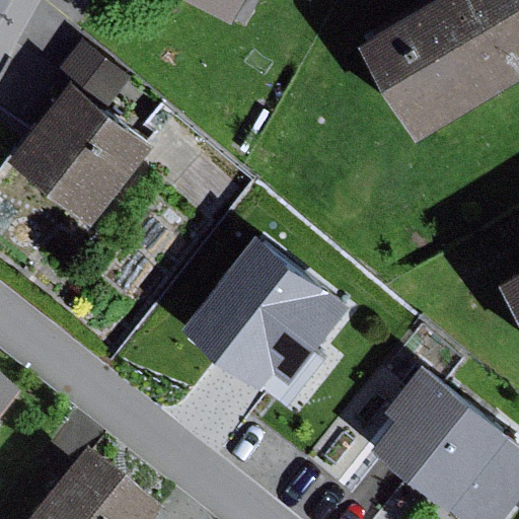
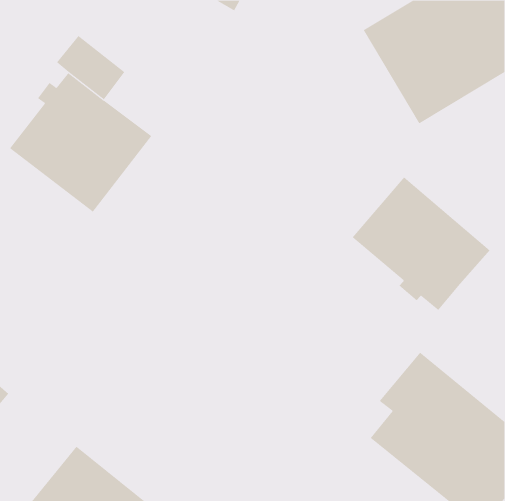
building: none -> [352,177,491,311]
building: [170,218,344,413] -> none

